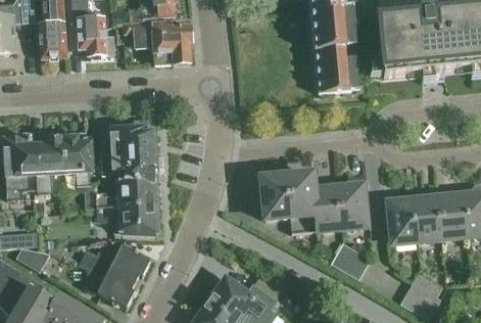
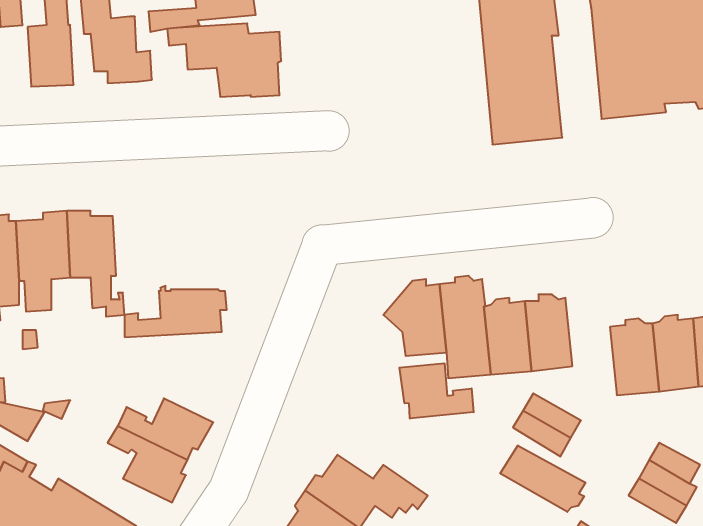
building: [100,128,157,179] -> none
building: [97,204,160,233] -> none
building: none -> [399,363,474,419]
building: none -> [500,445,585,512]

